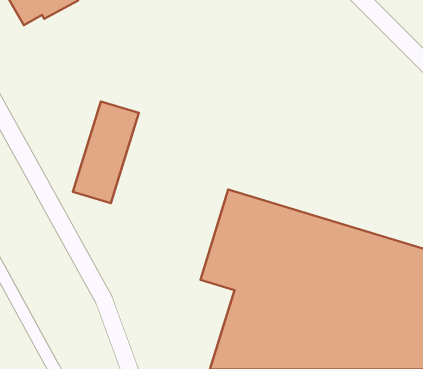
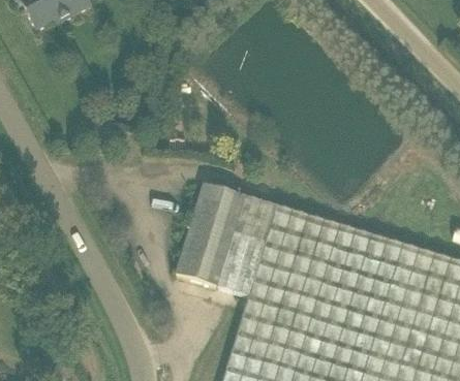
building: [73,102,139,203] -> [176,184,242,286]

